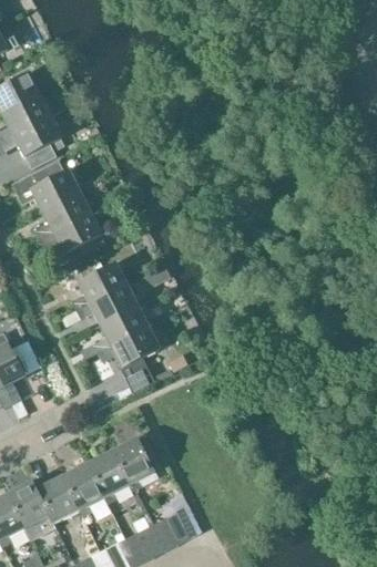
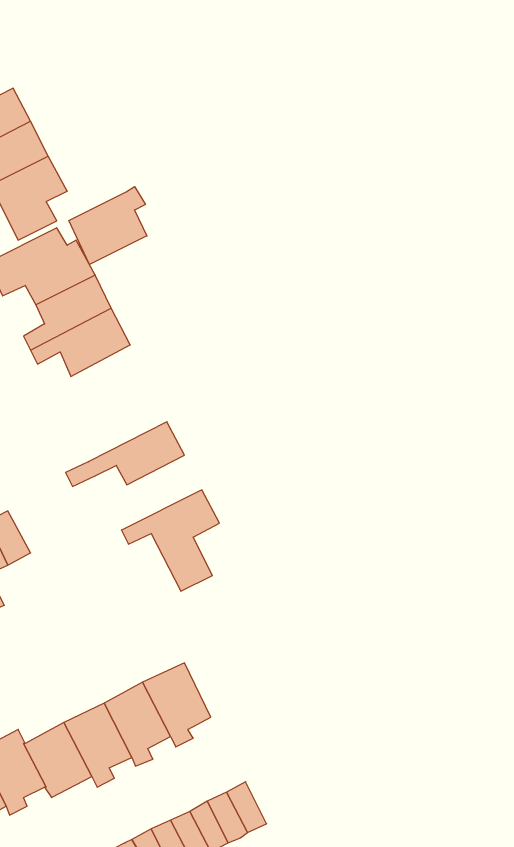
building: none -> [69,187,147,265]
building: [71,259,126,309] -> none
building: [80,305,149,359] -> none

